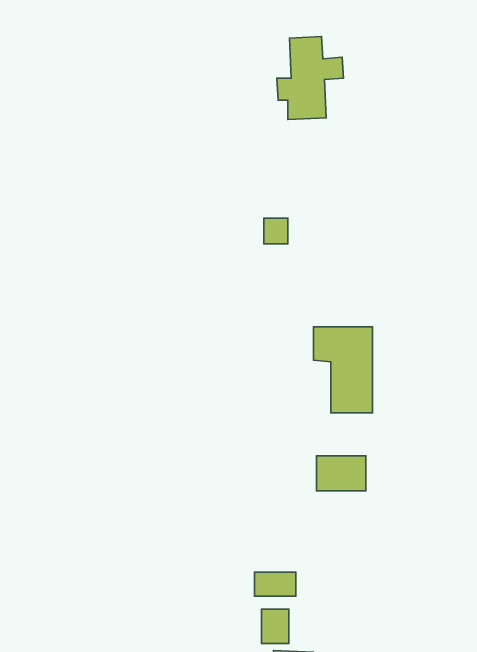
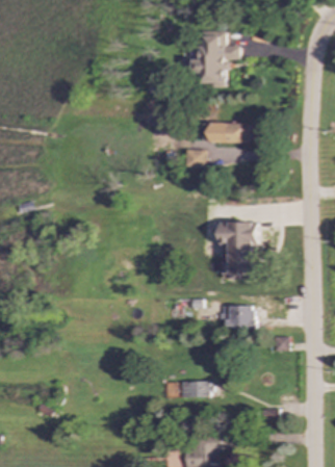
building: none -> [210,123,247,141]
building: [261,609,289,644] -> none

